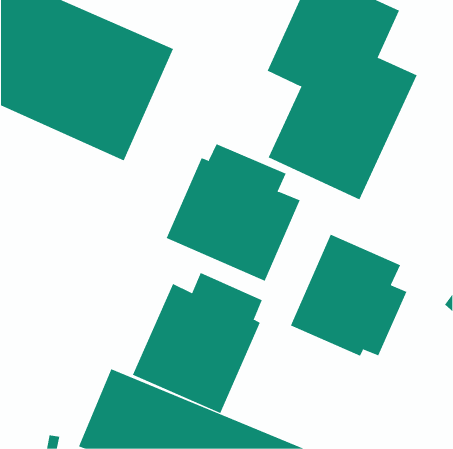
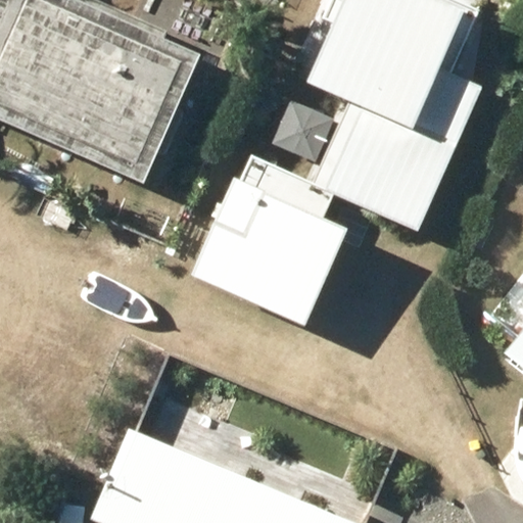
building: [290,234,407,356] -> none
building: [132,272,262,414] -> none

